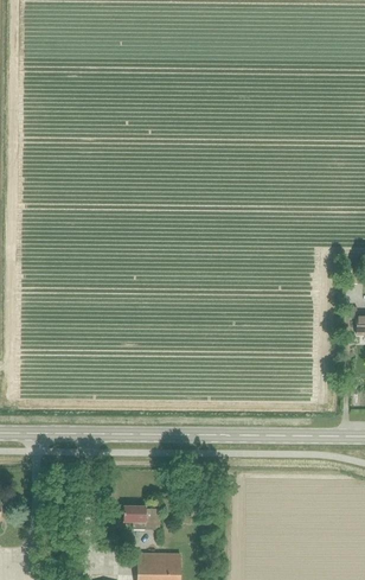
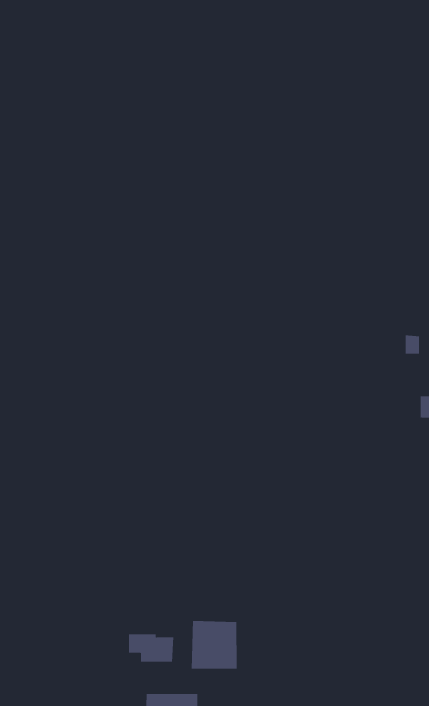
building: none -> [191,620,237,670]

